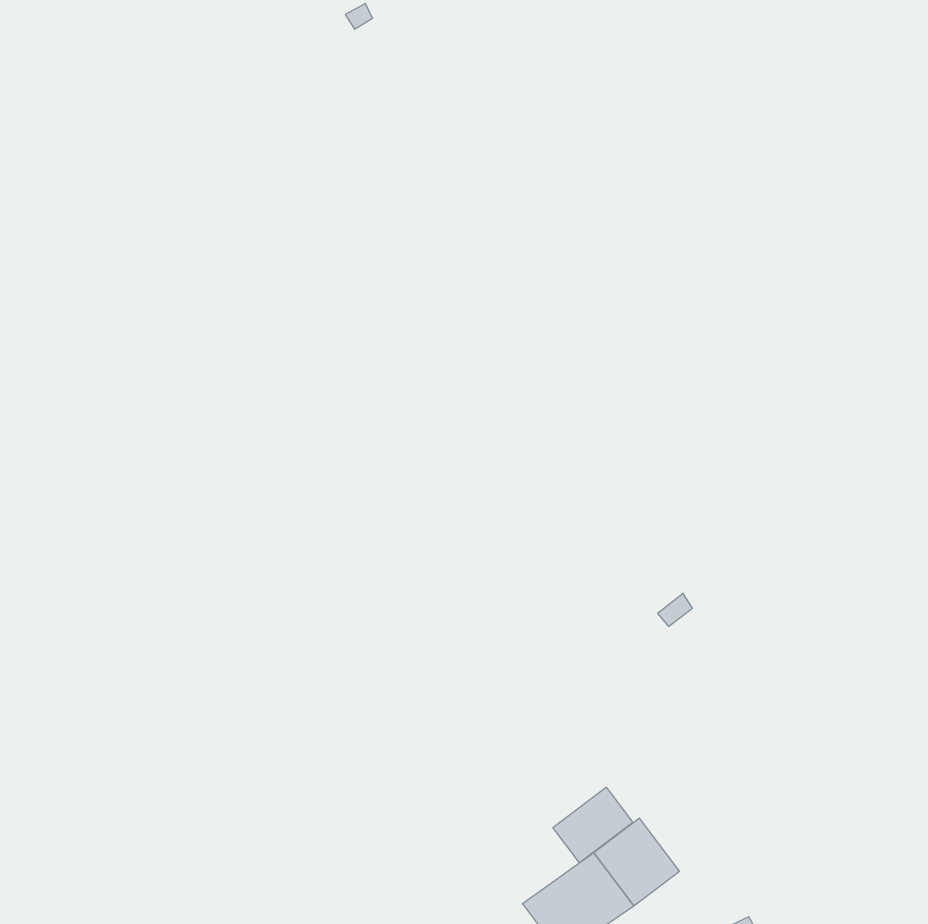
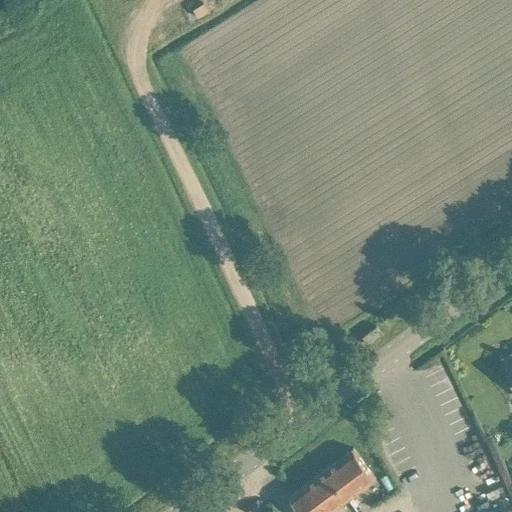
building: [553,787,633,863] -> none

